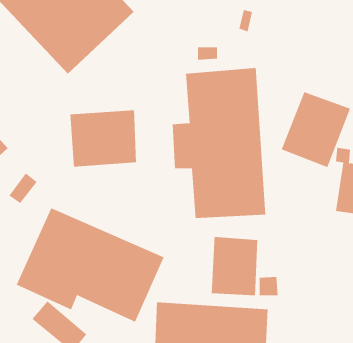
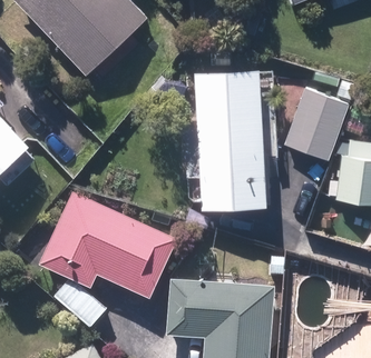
building: [70,110,137,167] -> none
building: [211,236,258,296] -> none

